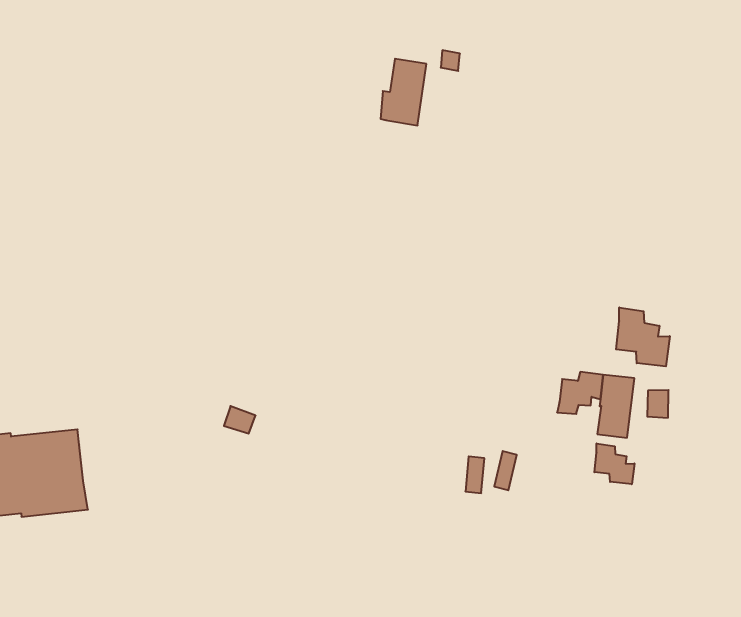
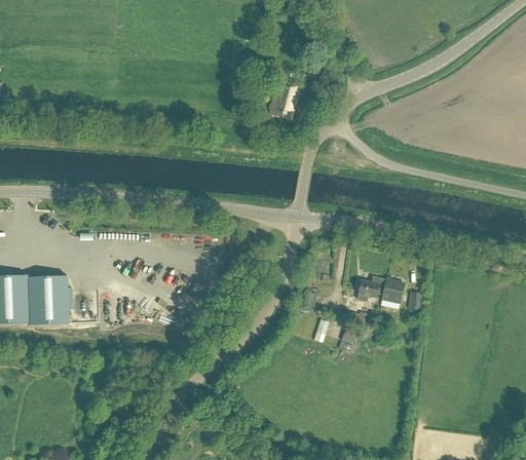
building: [616,307,670,366] -> none
building: [594,443,634,484] -> none

